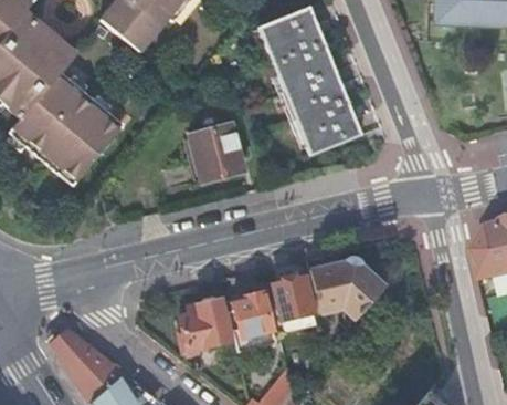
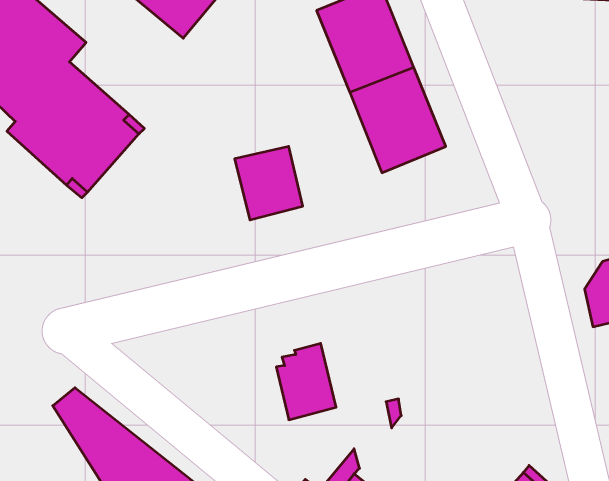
building: [306,260,382,322] -> none
building: [272,279,311,330] -> none
building: [177,300,228,353] -> none

